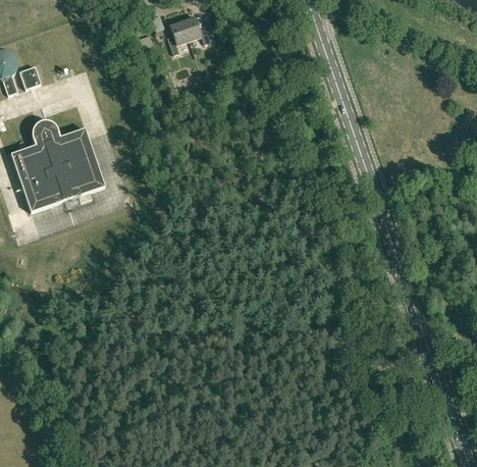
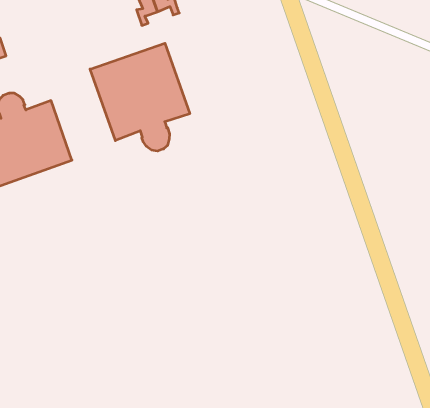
building: none -> [90,43,190,151]

